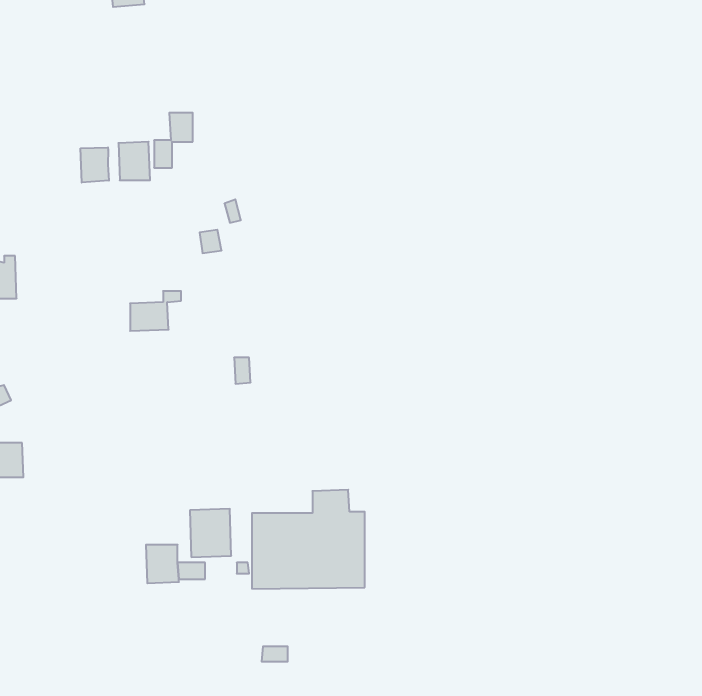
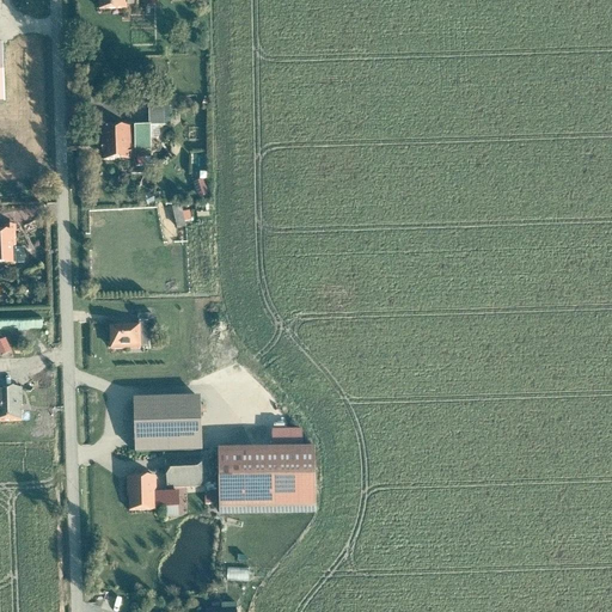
building: [81,147,109,183] -> none
building: [130,291,181,331] -> [108,312,152,347]
building: none -> [135,396,200,445]

